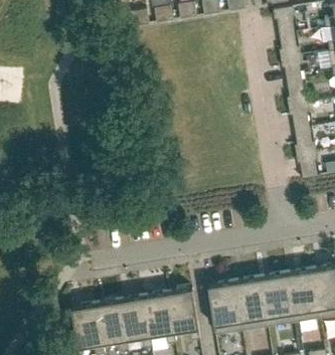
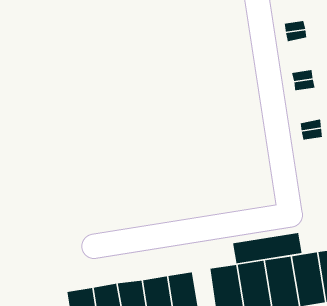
building: none -> [232,232,302,264]

